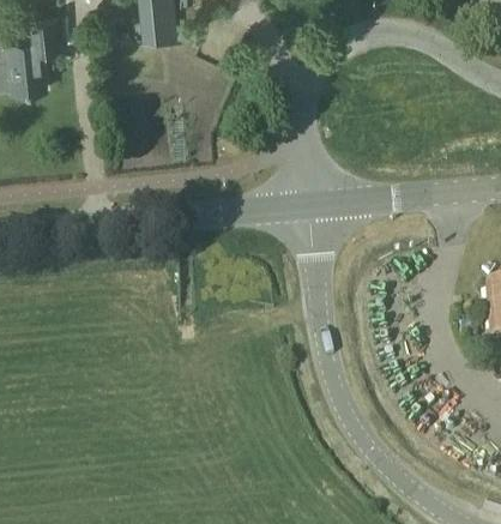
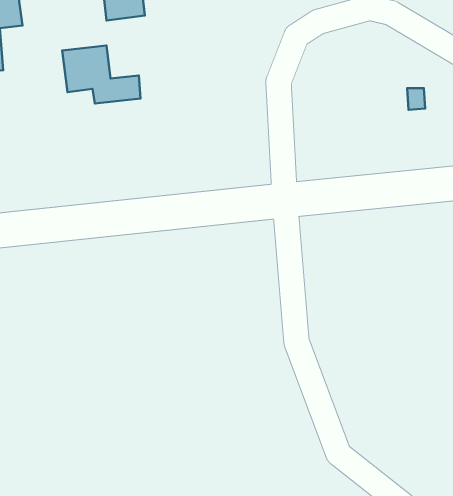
building: none -> [62,46,141,104]

